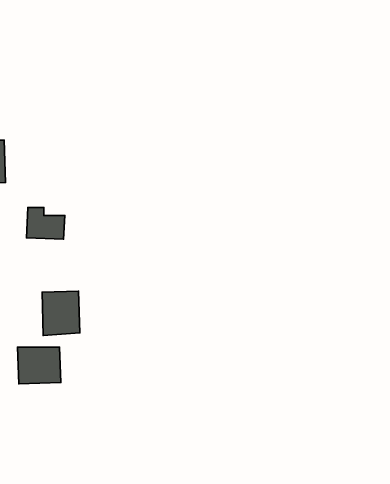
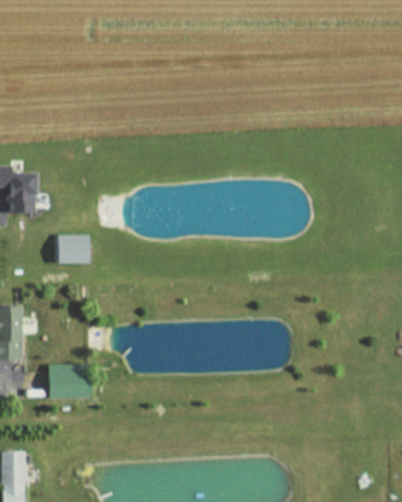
building: [42,291,80,336] -> none

